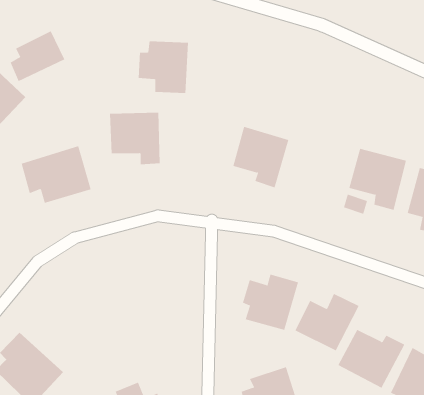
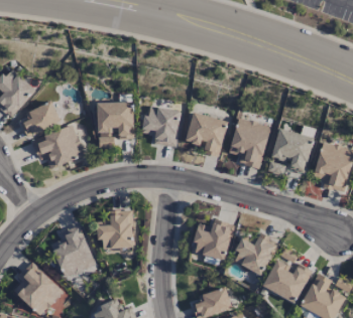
building: [10,31,65,82] -> [21,101,62,138]
building: [138,41,189,93] -> [142,108,180,146]
building: none -> [229,118,270,169]
building: none -> [97,210,134,249]
building: none -> [53,224,94,276]

